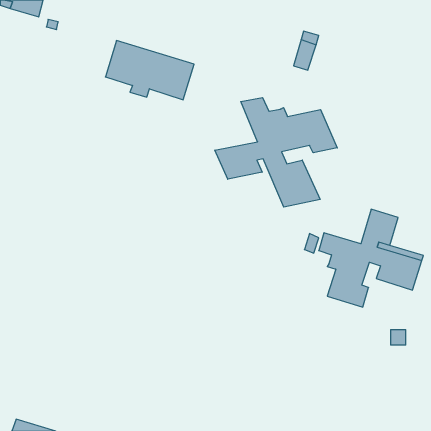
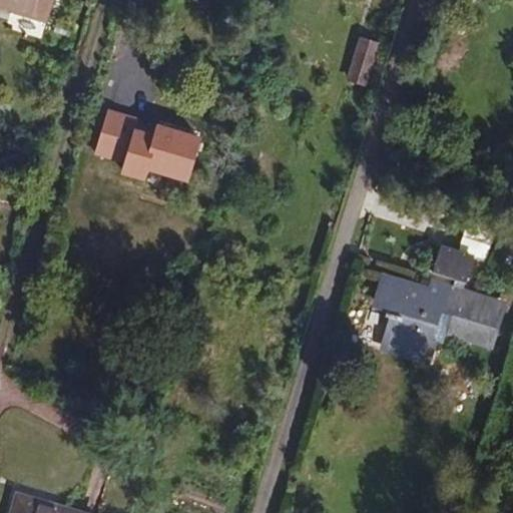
building: [105,41,194,100] -> [95,110,200,180]
building: [215,98,337,207] -> none

